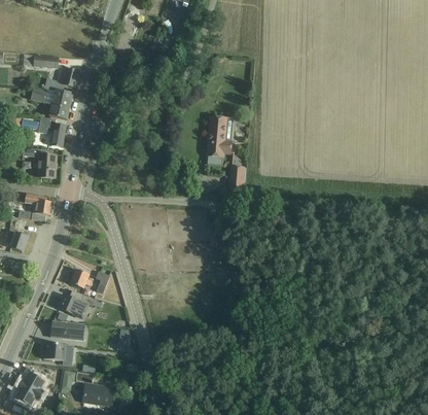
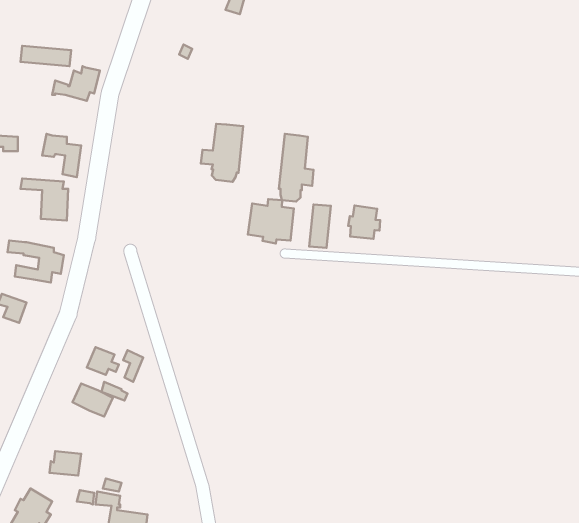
building: [30,88,72,119] -> none
building: none -> [201,124,243,182]
building: none -> [248,199,294,243]
building: none -> [348,206,380,239]
building: [49,321,84,341] -> none

